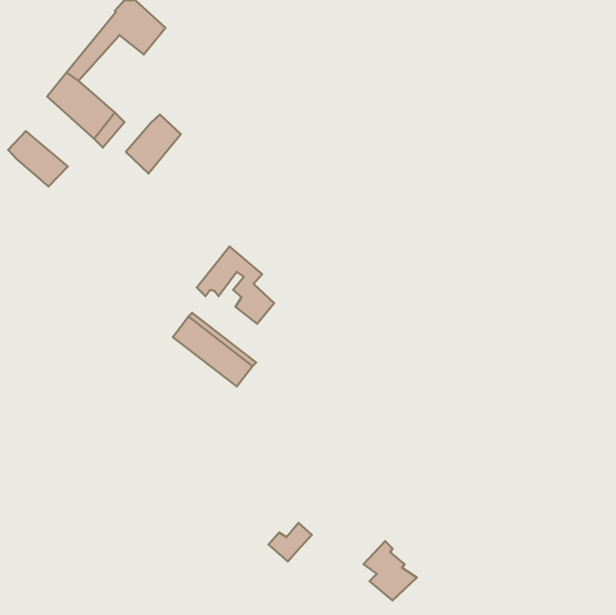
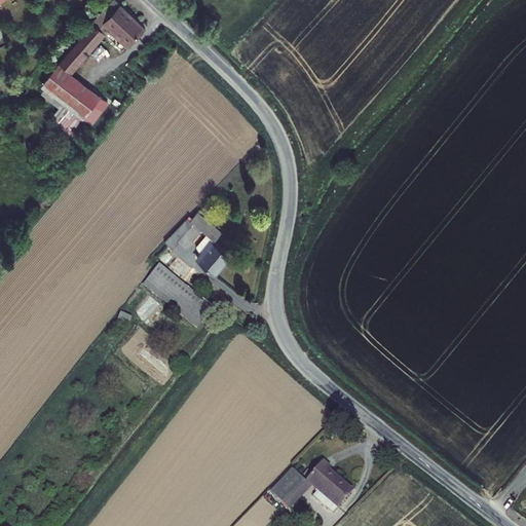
building: [126,115,181,173] -> none
building: [8,131,68,186] -> none
building: [268,523,312,561] -> [271,473,308,505]

